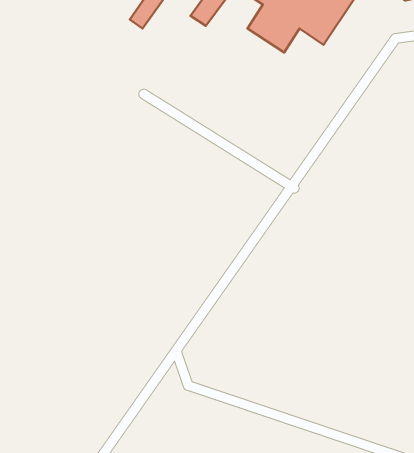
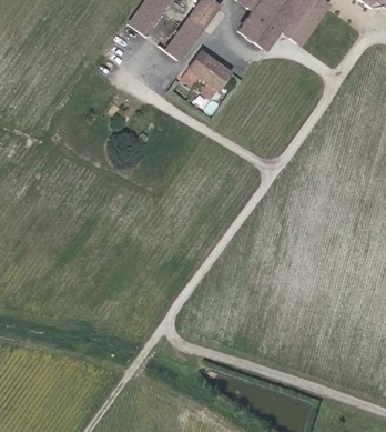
building: none -> [167,20,201,57]
building: none -> [184,51,233,90]

